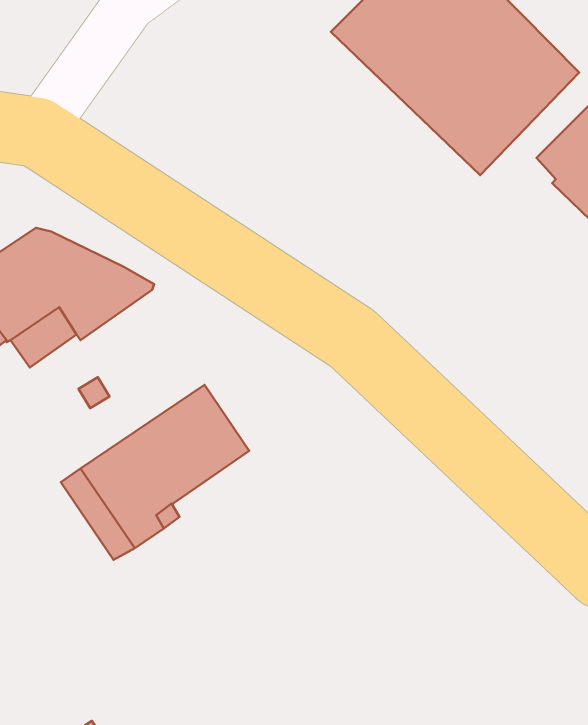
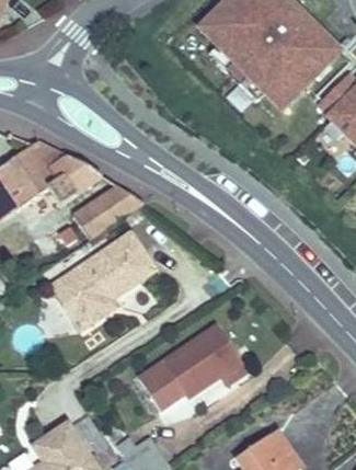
building: none -> [72,183,145,239]
building: none -> [138,322,248,408]

